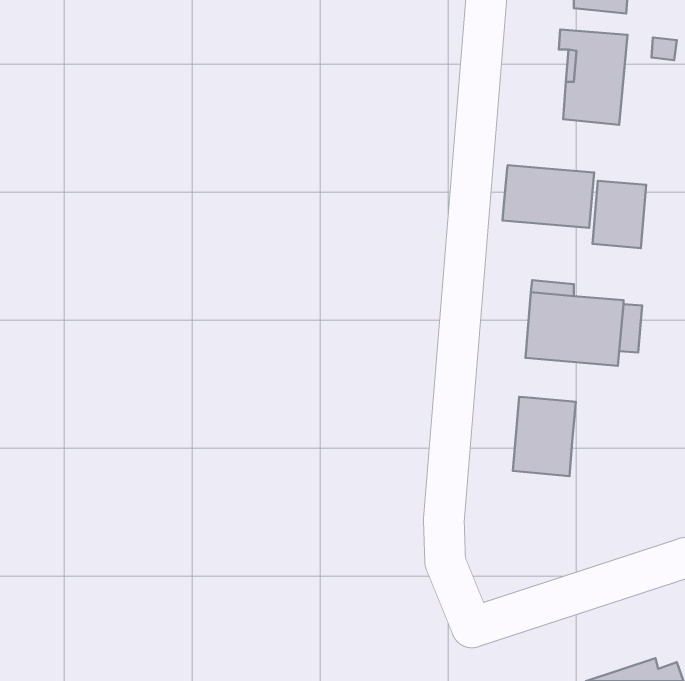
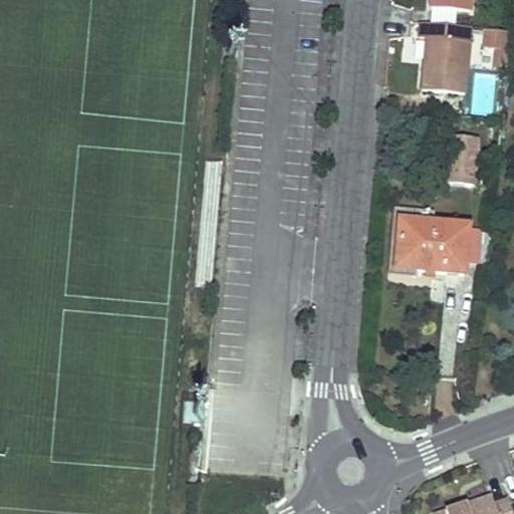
building: [503,165,594,228] -> none
building: [513,397,576,476] -> none

